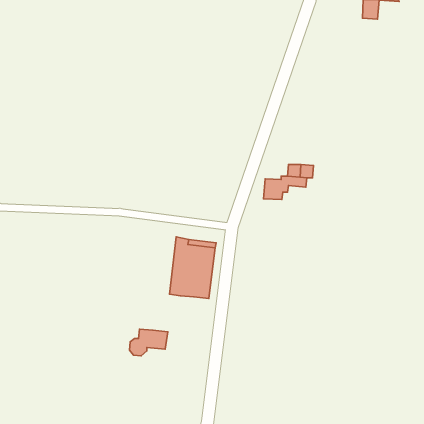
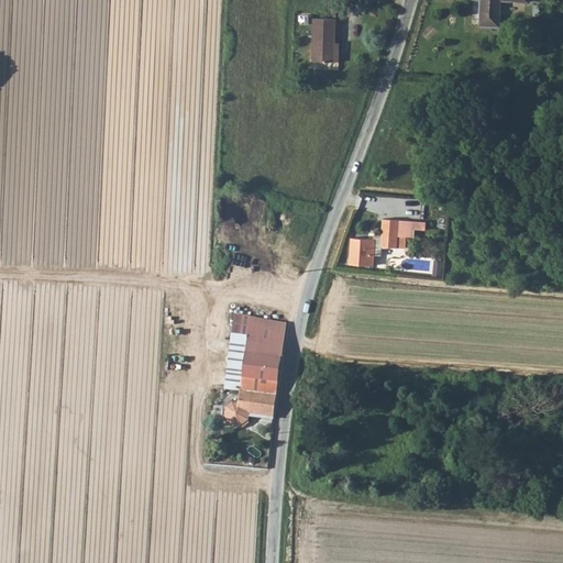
building: none -> [311,23,338,67]
building: [129,329,168,356] -> [225,391,276,427]

